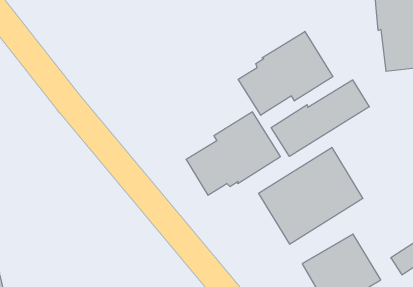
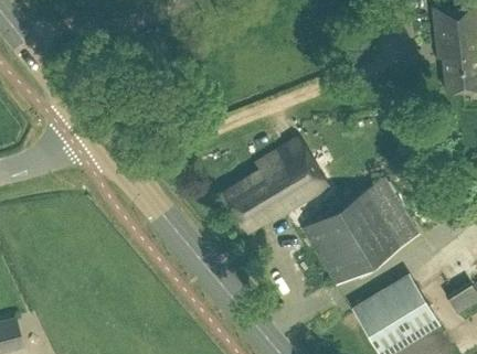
building: [238,31,333,115] -> none
building: [271,80,369,156] -> none

